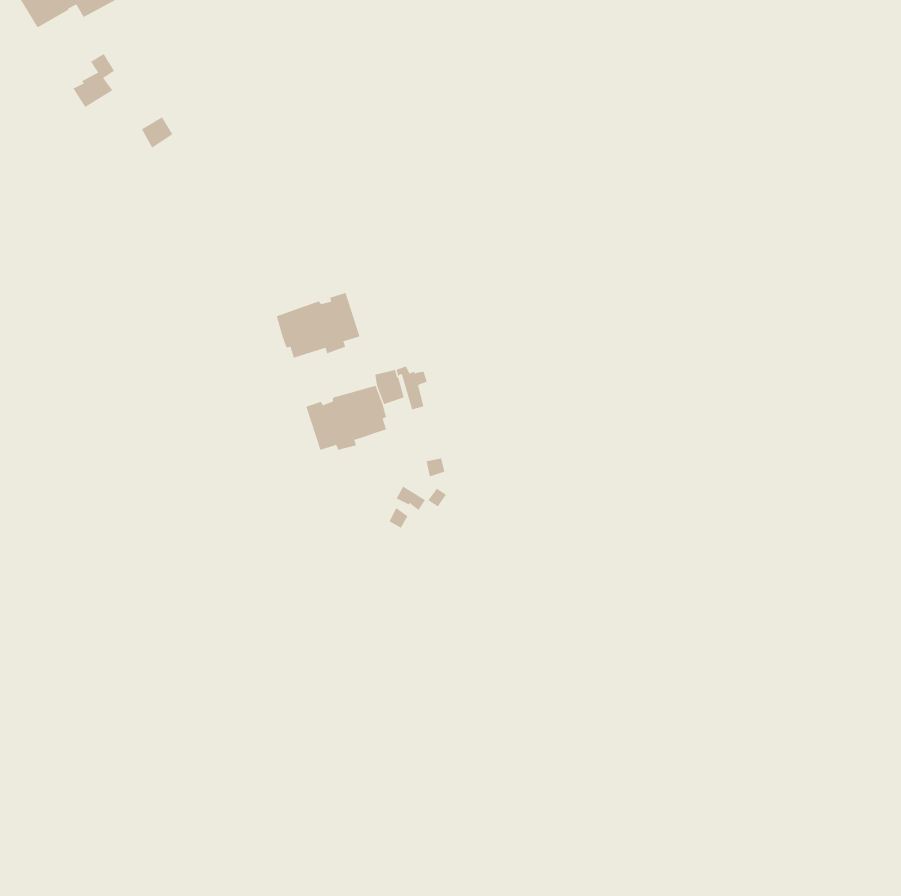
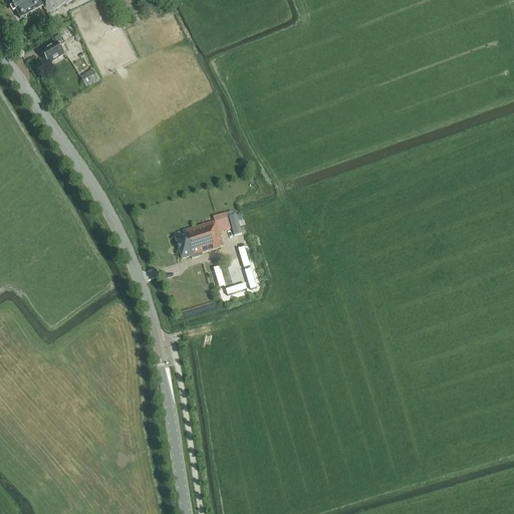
building: [276,292,360,358] -> none

